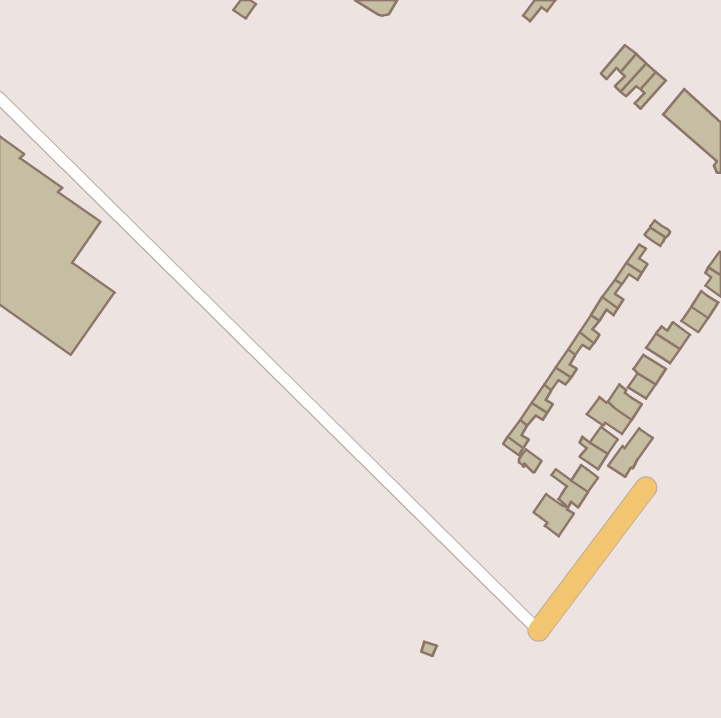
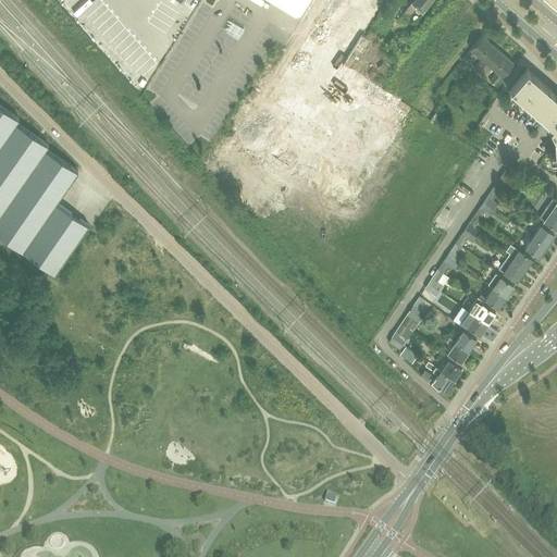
building: [608,428,653,477] -> none
building: [534,494,574,536] -> none

